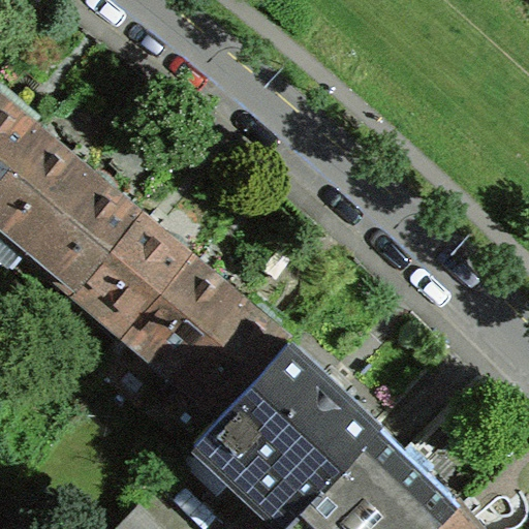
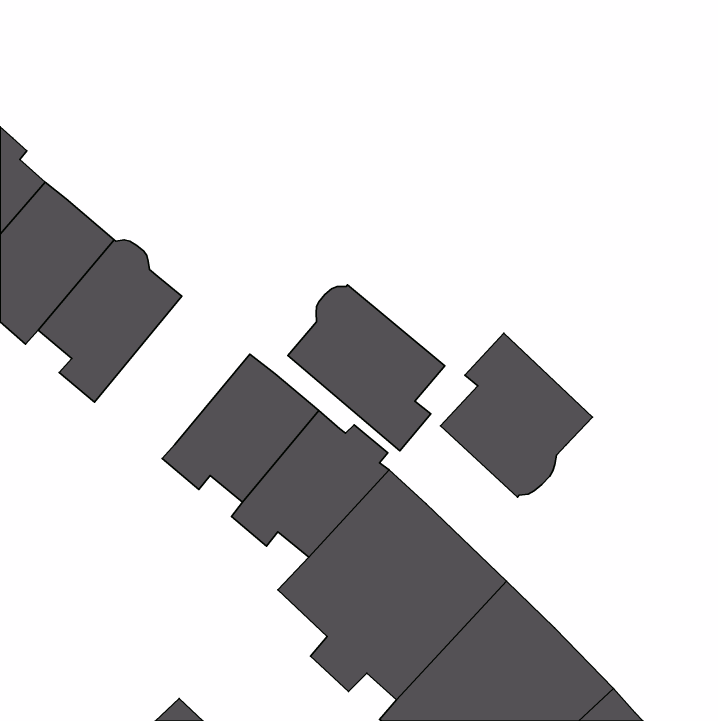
building: none -> [288,285,445,451]
building: [71,217,185,325] -> none
building: none -> [441,333,592,497]

